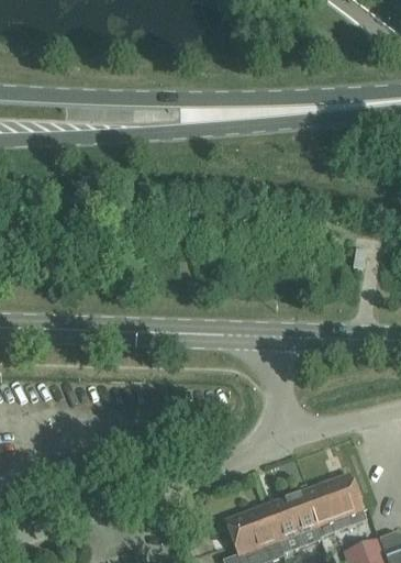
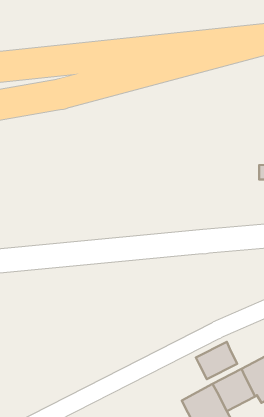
building: none -> [196,342,237,379]

